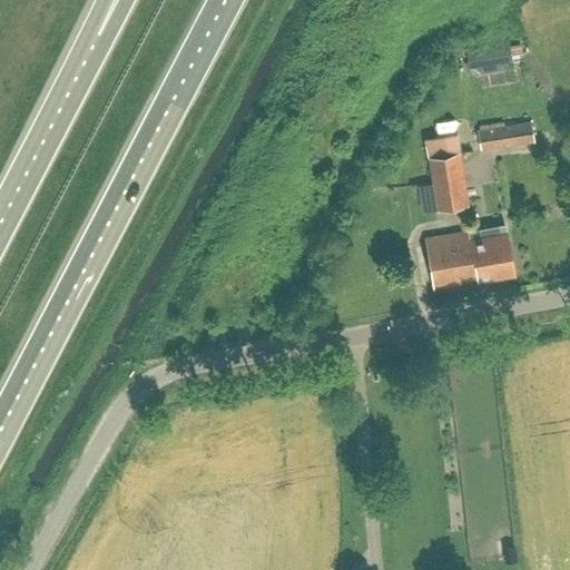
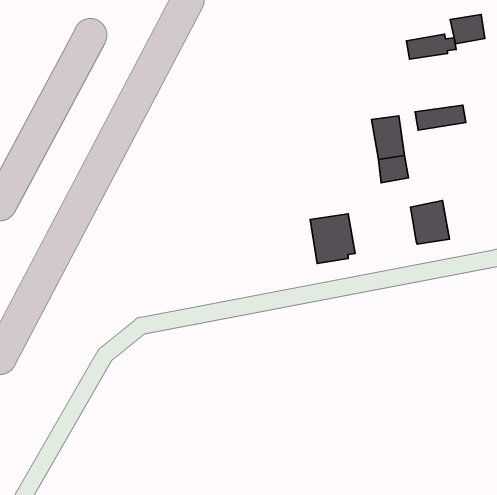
building: none -> [450,15,485,44]
building: [425,233,476,289] -> [310,214,355,263]

